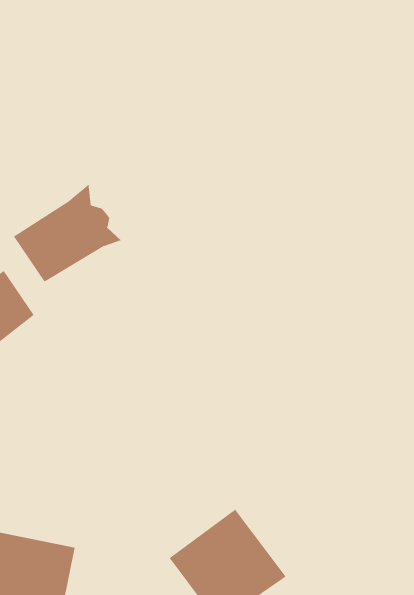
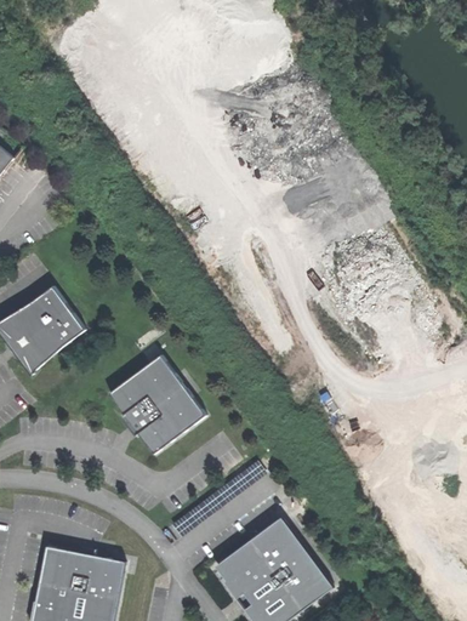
building: [13,183,122,282] -> none
building: none -> [109,354,206,454]

